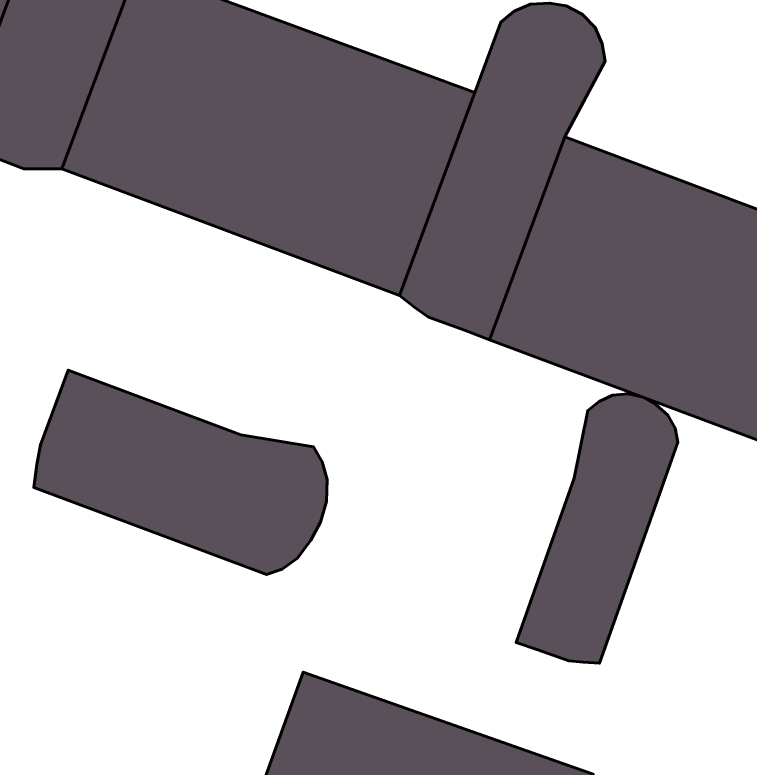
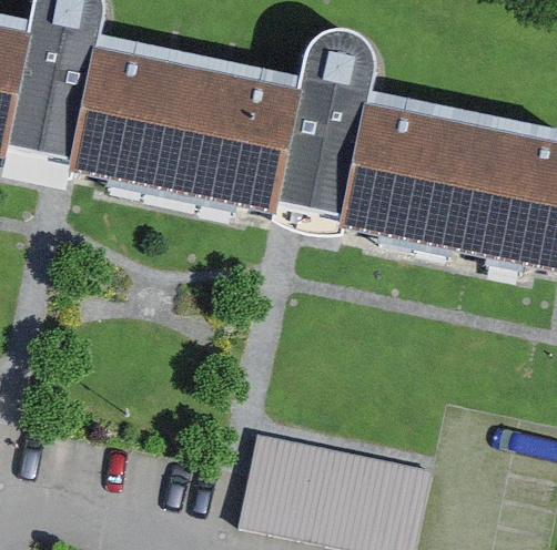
building: [34,370,327,574] -> none
building: [516,394,678,663] -> none

